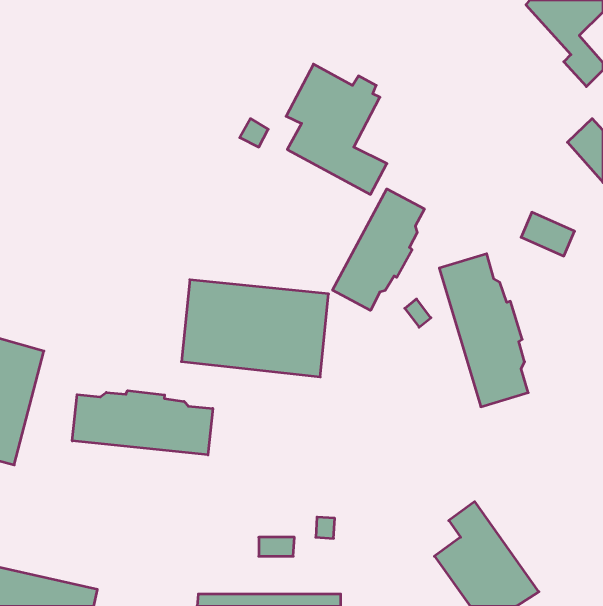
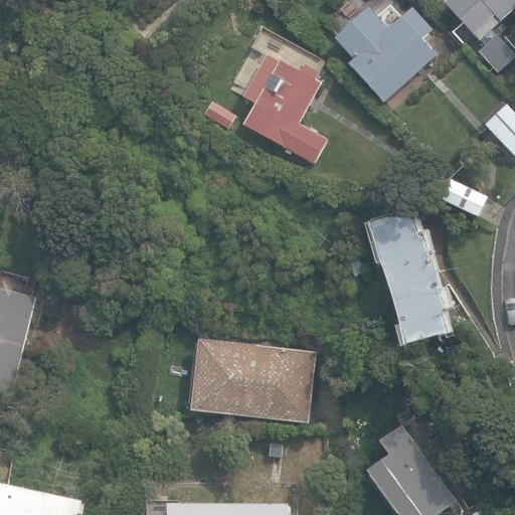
building: none -> [335,8,437,104]
building: [333,189,424,310] -> none
building: [181,280,329,377] -> [189,337,314,419]
building: [72,391,213,455] -> none

